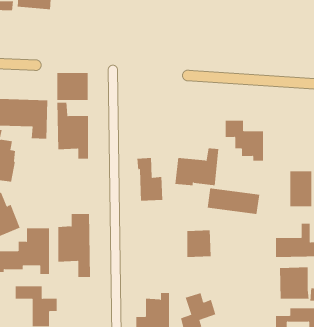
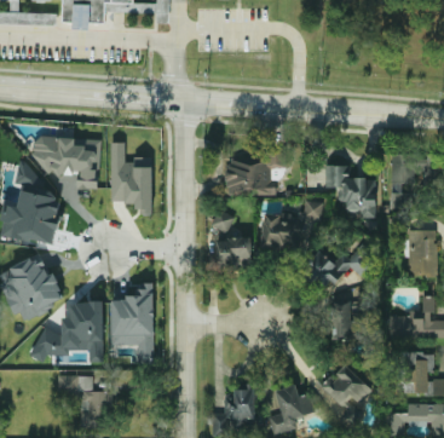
building: [57,72,88,101] -> none
building: none -> [225,149,284,195]
building: none -> [390,152,427,209]
building: [187,230,211,258] -> [329,304,361,339]
building: none -> [321,363,371,408]

